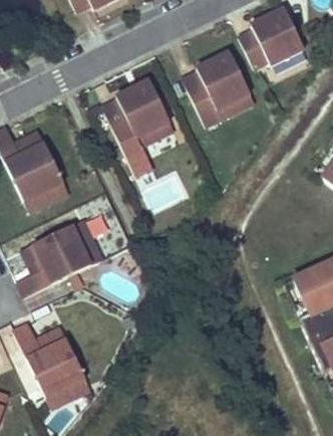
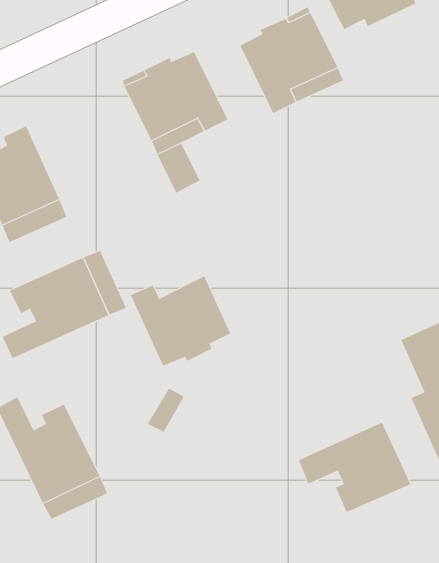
building: none -> [130,275,231,367]
building: none -> [298,422,411,513]

